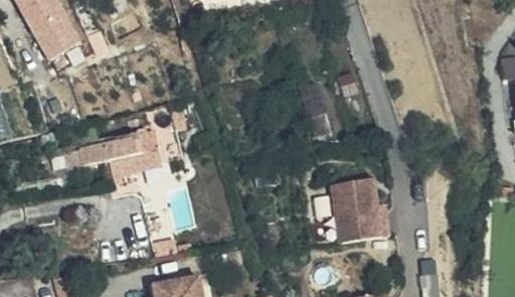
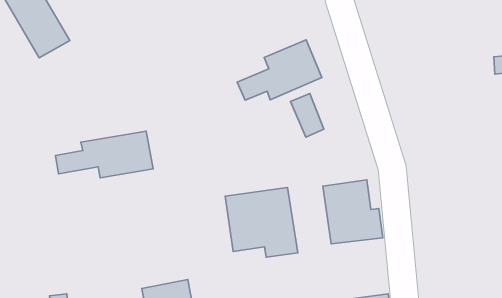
building: none -> [237,40,322,100]
building: none -> [225,188,298,257]

